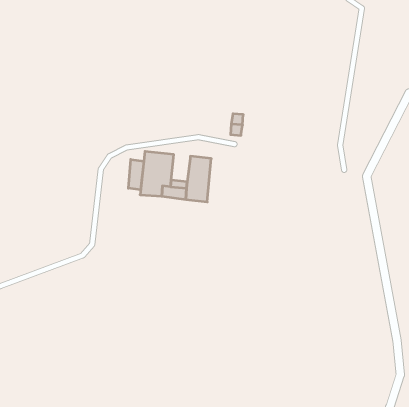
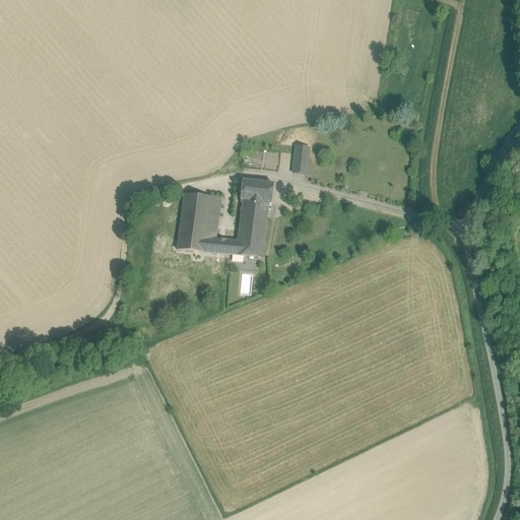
building: none -> [241,179,274,201]
building: [128,159,144,190] -> none

